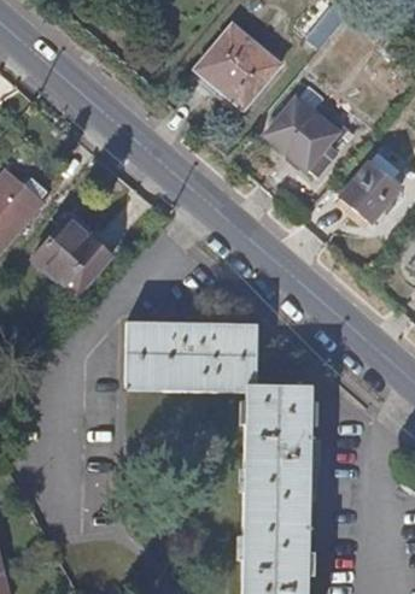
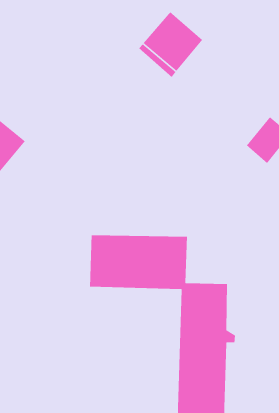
building: [267,98,334,174] -> none
building: [31,216,109,295] -> none

